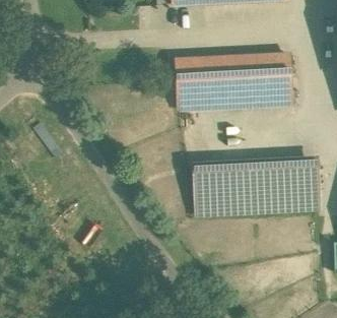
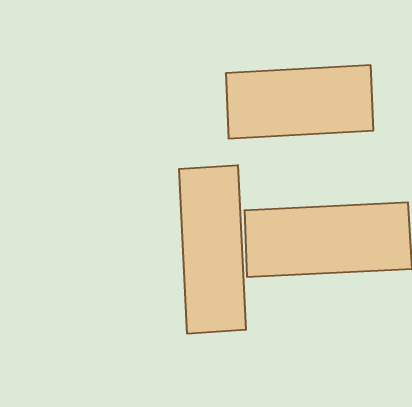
building: none -> [179,165,246,334]

